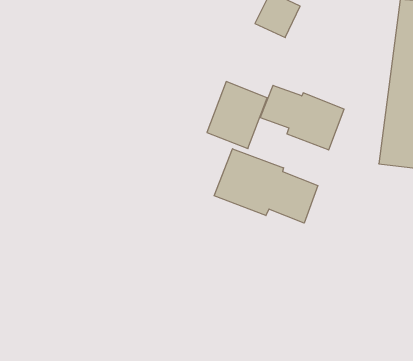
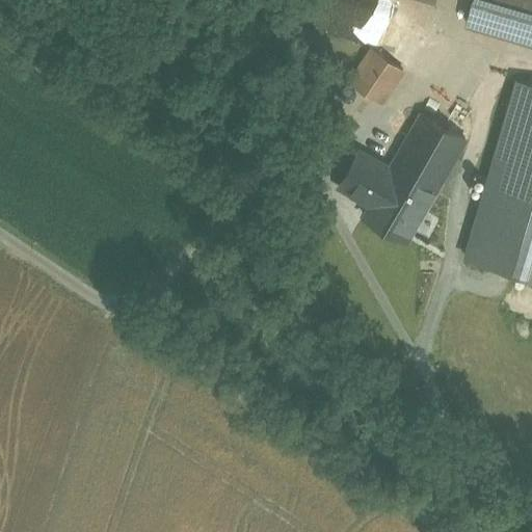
building: [207,82,267,149] -> [392,116,464,194]
building: [214,149,318,223] -> none

